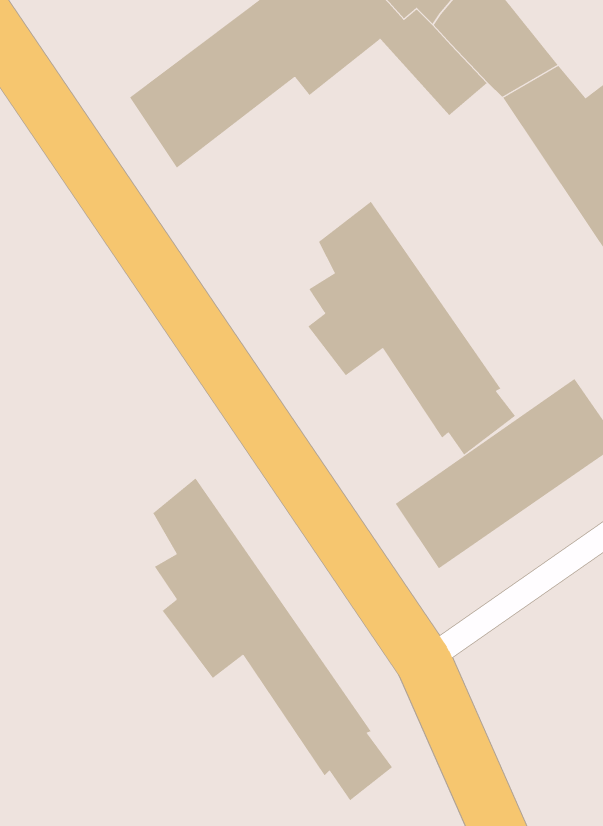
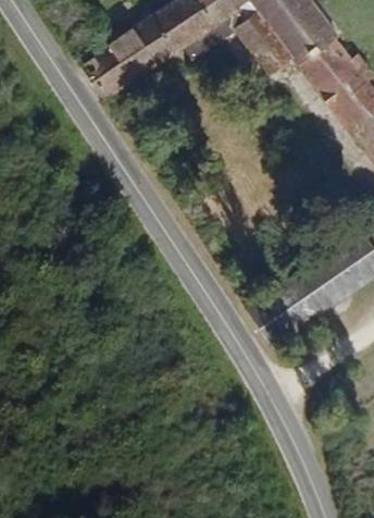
building: [307,201,516,455] -> none
building: [152,477,393,801] -> none

